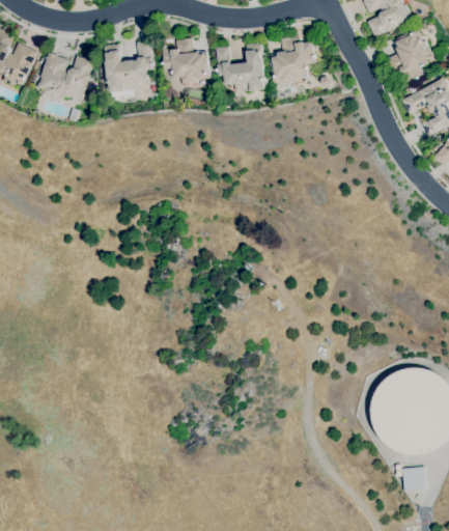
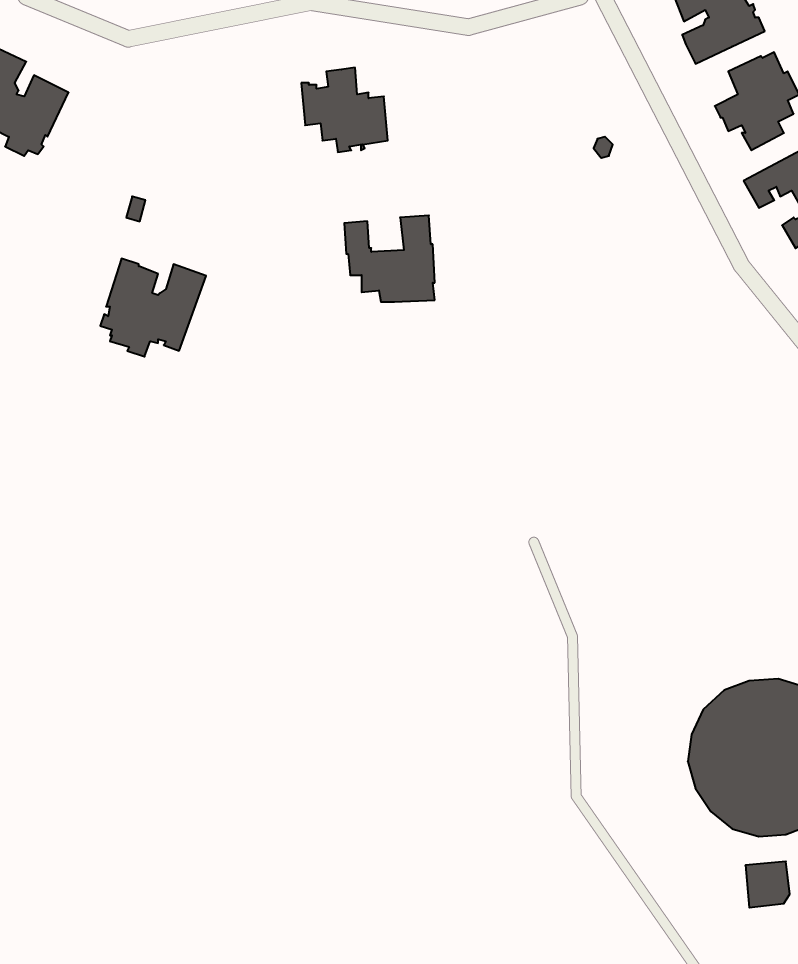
building: [270,37,316,83] -> none
building: [105,40,153,96] -> none
building: [216,44,264,90] -> [344,215,435,302]
building: [37,52,94,105] -> [100,259,206,357]

